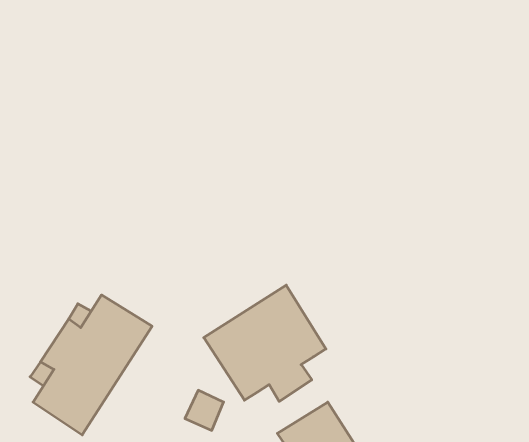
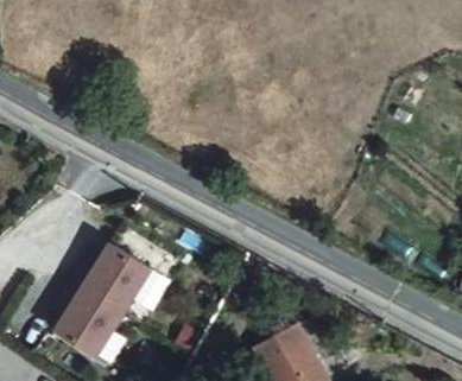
building: [204,285,326,401] -> none

